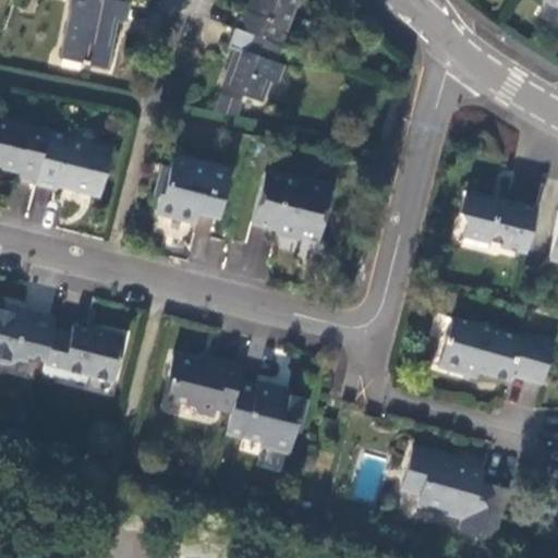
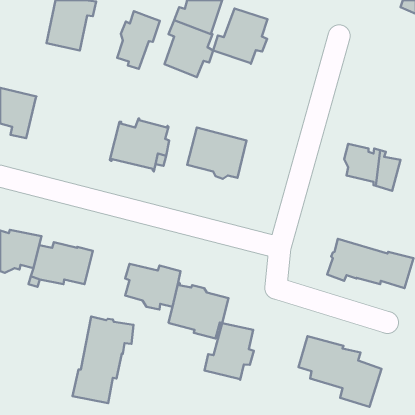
building: none -> [213,8,267,64]
building: none -> [117,11,160,69]
building: [36,131,112,193] -> none
building: none -> [72,316,134,403]
building: none -> [204,323,254,380]

